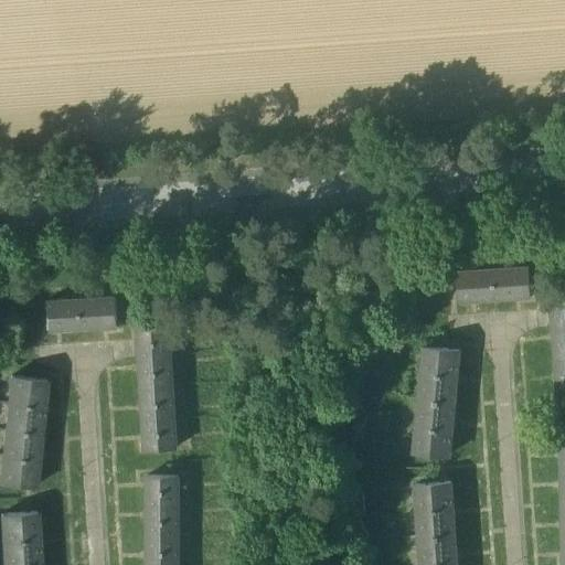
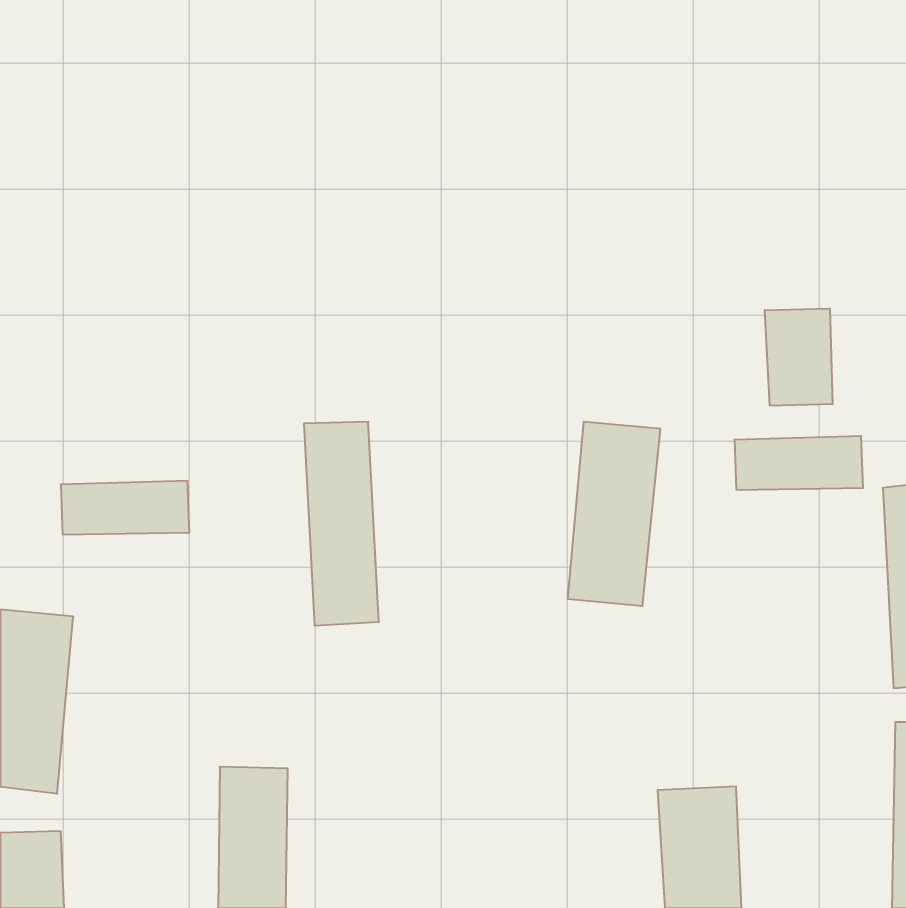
building: none -> [765,308,833,406]
building: [134,327,180,452] -> [304,422,379,625]
building: [409,349,467,462] -> [568,422,660,606]

